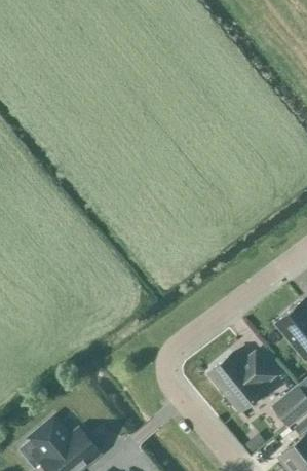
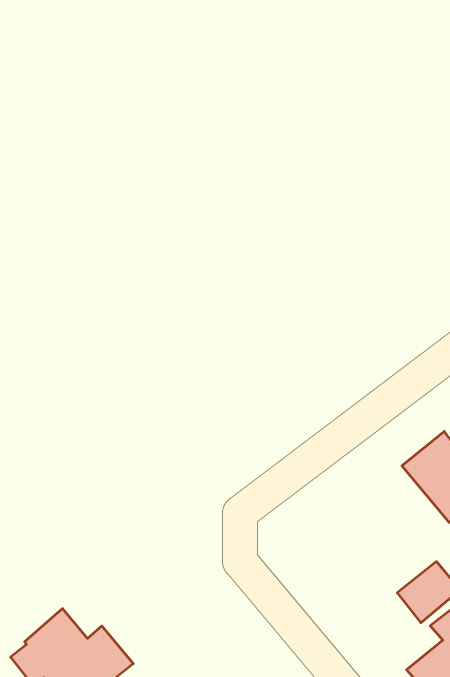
building: [208,352,274,410] -> none

